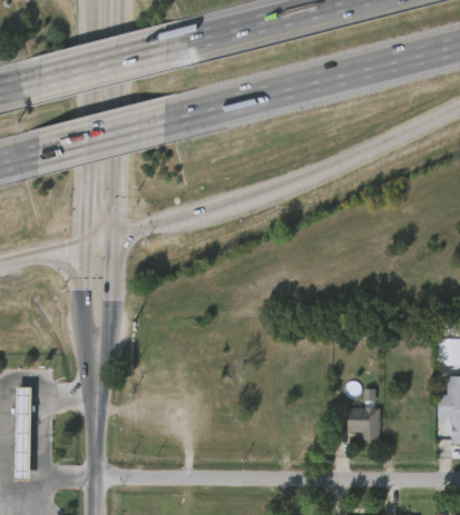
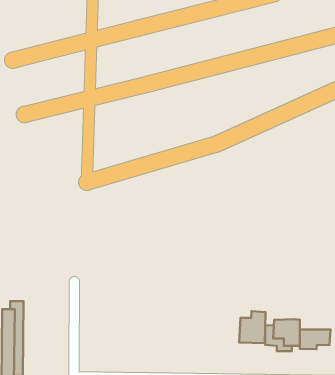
building: none -> [239,311,266,343]
building: none -> [300,330,330,349]

